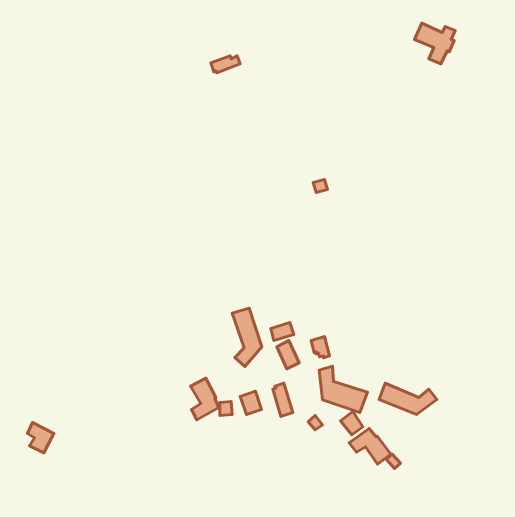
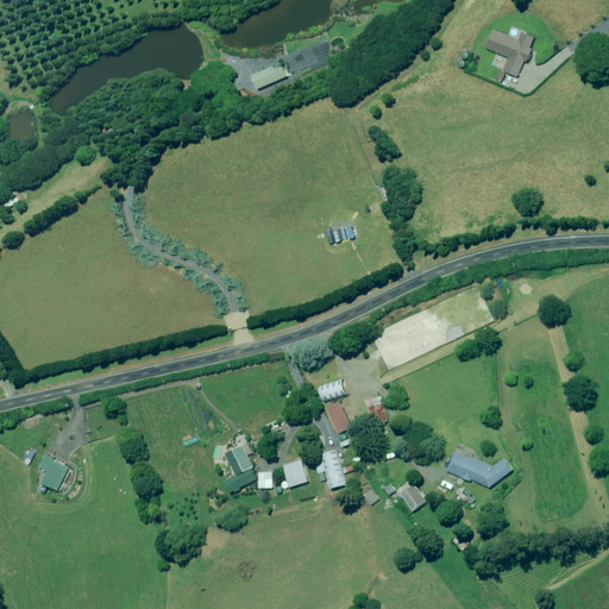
building: [232,308,262,366] -> none
building: [319,366,367,412] -> none
building: [27,422,54,453] -> [37,453,68,489]
building: [349,429,391,464] -> none

